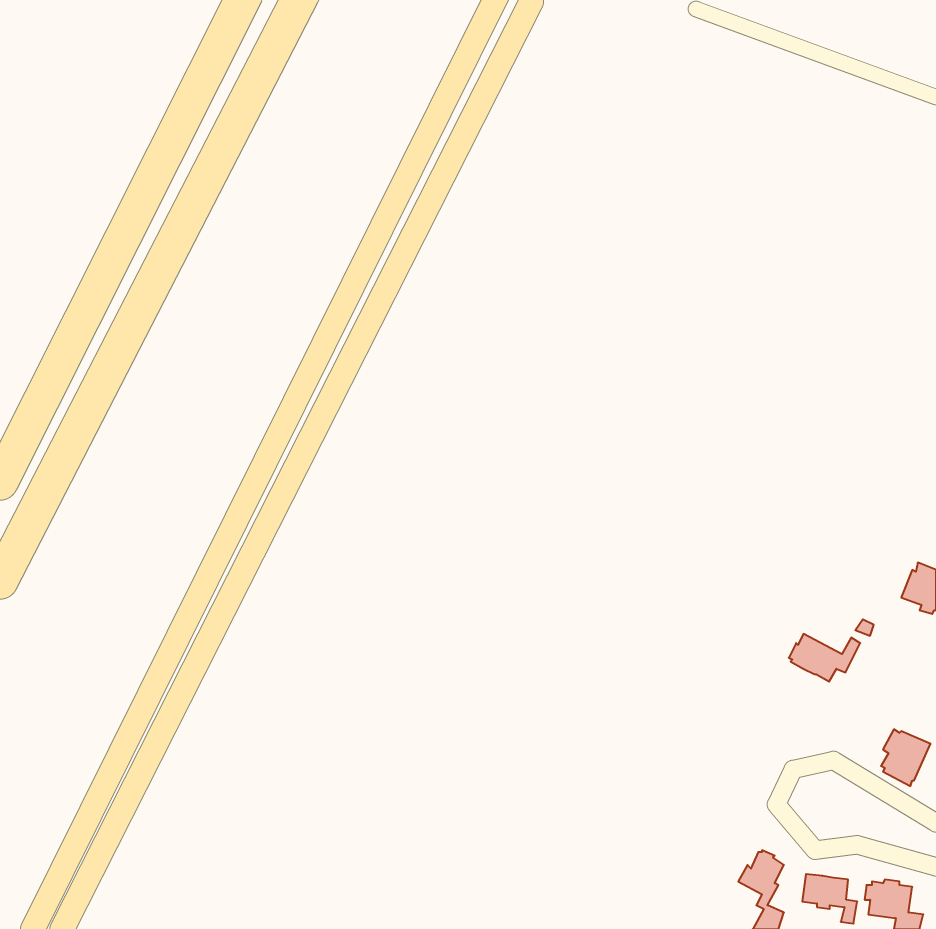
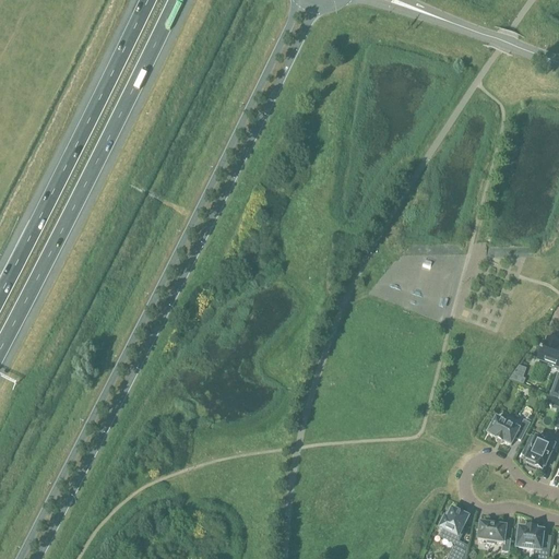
building: [789,634,860,682] -> [487,415,530,443]

